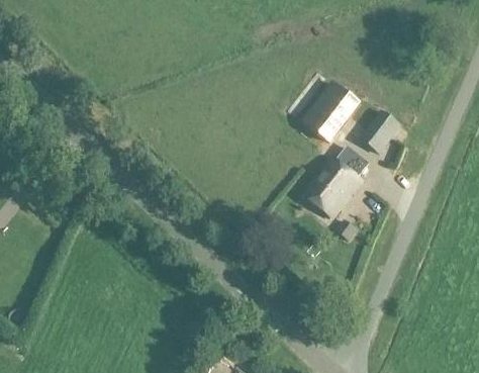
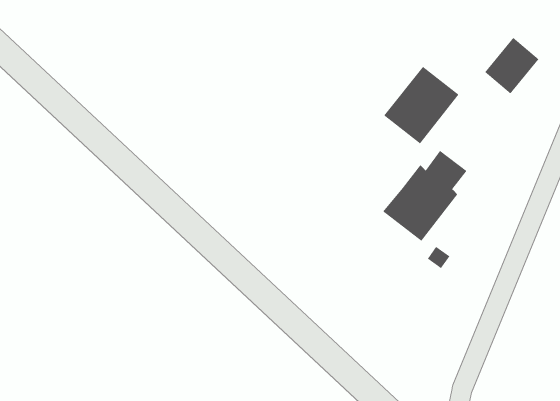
building: [359,110,401,155] -> [484,37,540,95]

